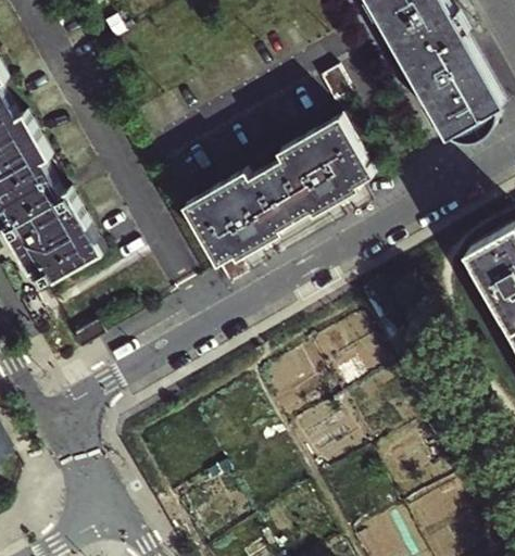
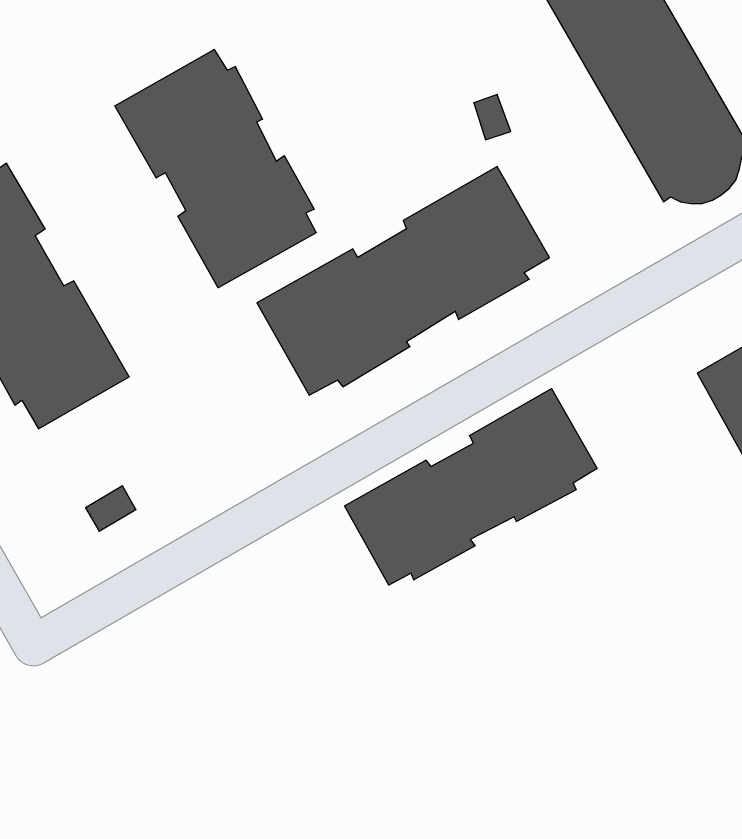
building: none -> [115,49,316,288]
building: none -> [345,389,597,585]

